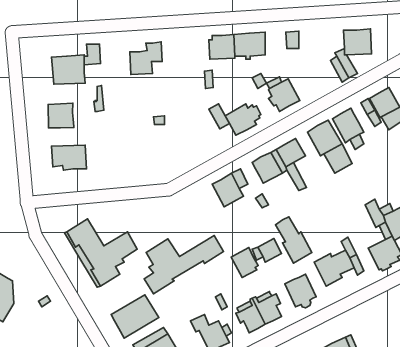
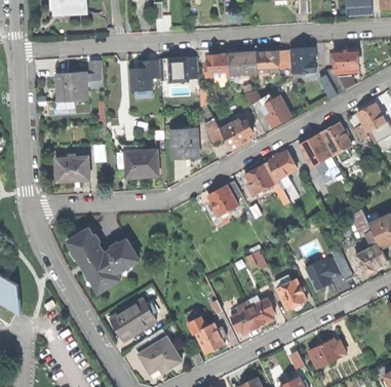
building: none -> [292,46,315,71]
building: none -> [258,50,278,72]
building: none -> [159,56,197,81]
building: [48,103,74,128] -> none
building: none -> [170,129,197,158]
building: none -> [123,150,157,178]
building: [276,217,312,263] -> none
building: [144,235,224,294] -> none
building: [231,248,258,278] -> none

